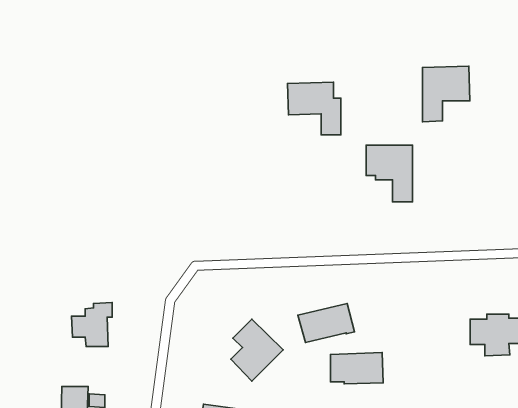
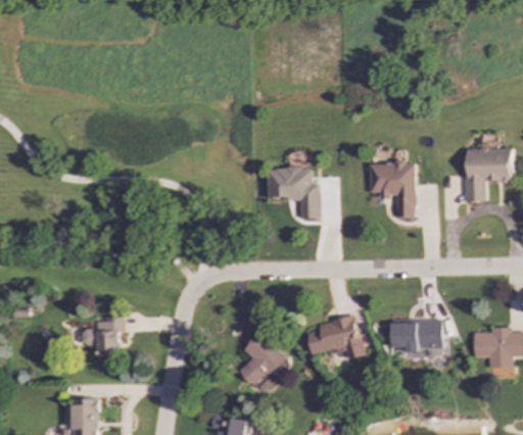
building: [423,66,470,122] -> [467,148,513,202]
building: [287,82,341,135] -> [268,168,320,220]
building: [331,352,383,384] -> [390,320,441,350]

